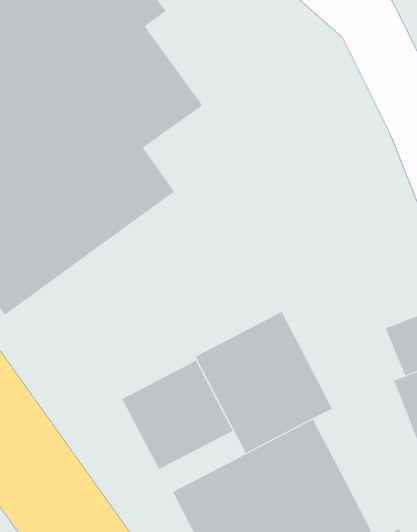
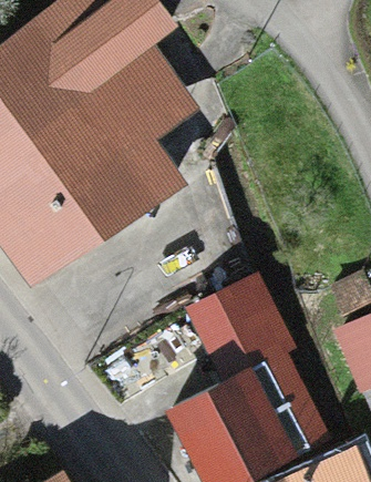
building: [122,360,234,470] -> none

